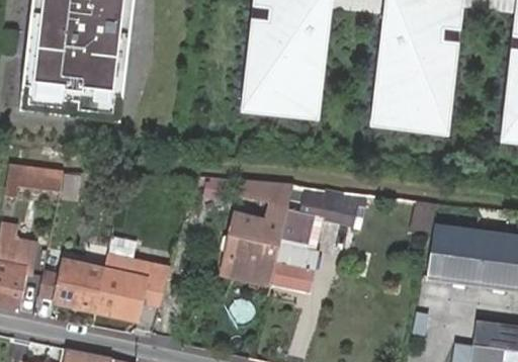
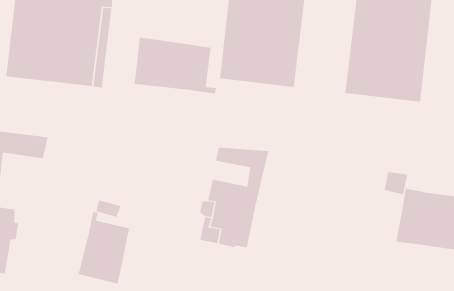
building: none -> [134,37,216,94]
building: [270,189,369,292] -> none
building: [38,260,105,311] -> none
building: [141,264,170,307] -> none

